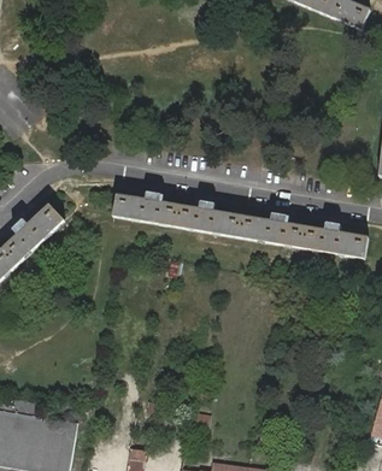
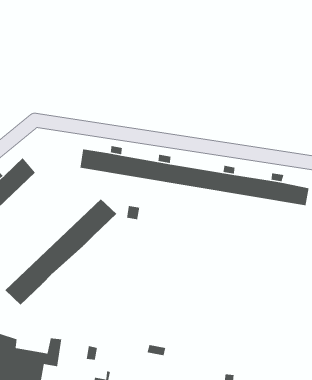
building: none -> [4,199,117,306]

